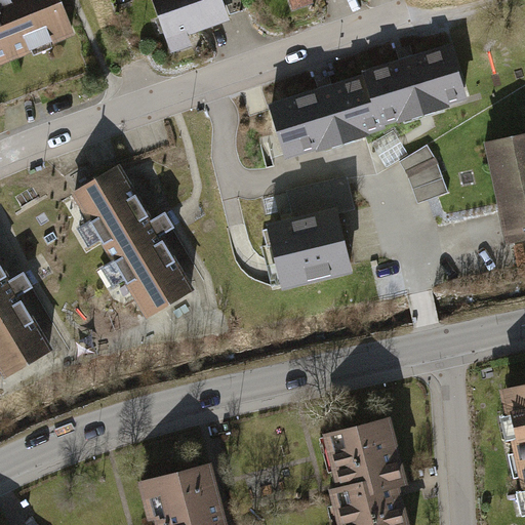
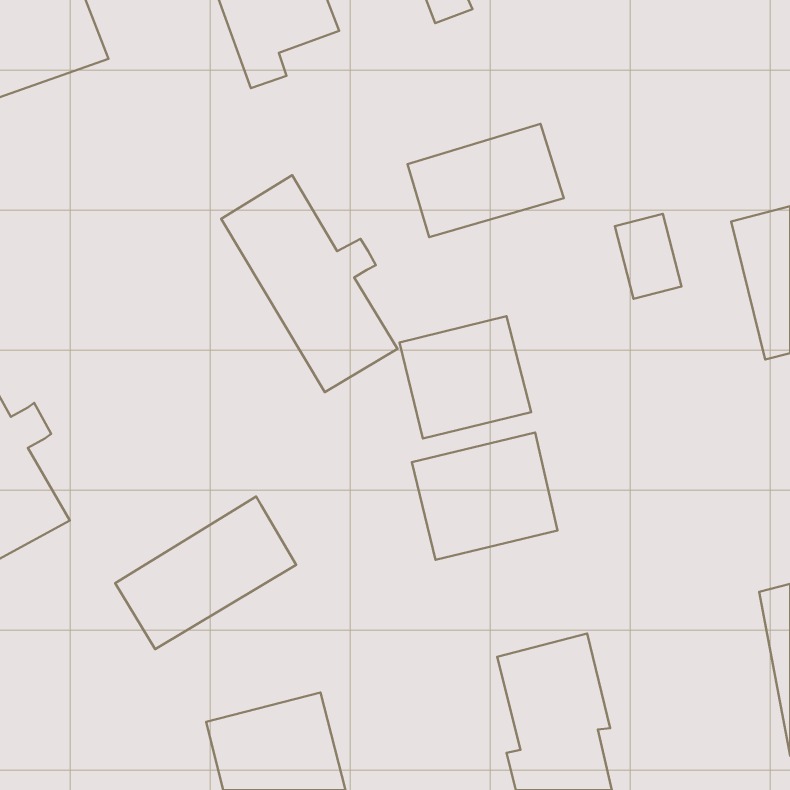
building: [357,50,460,125] -> none
building: [73,167,190,311] -> [221,175,398,392]
building: none -> [412,432,557,560]
building: none -> [115,497,296,649]

